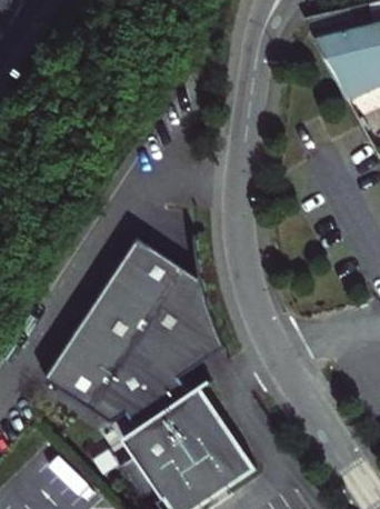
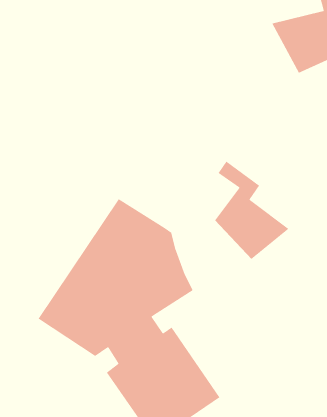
building: none -> [214,160,290,260]

